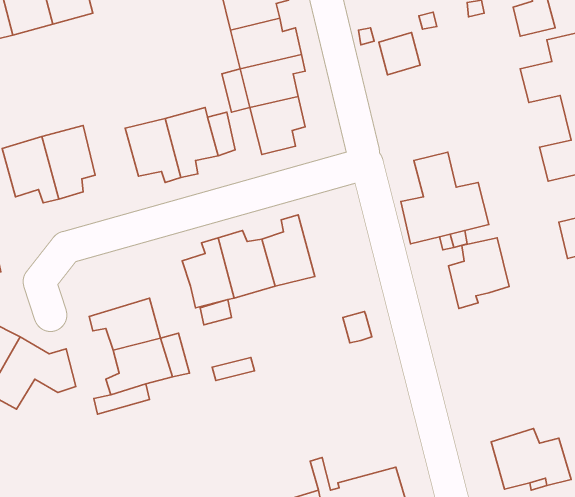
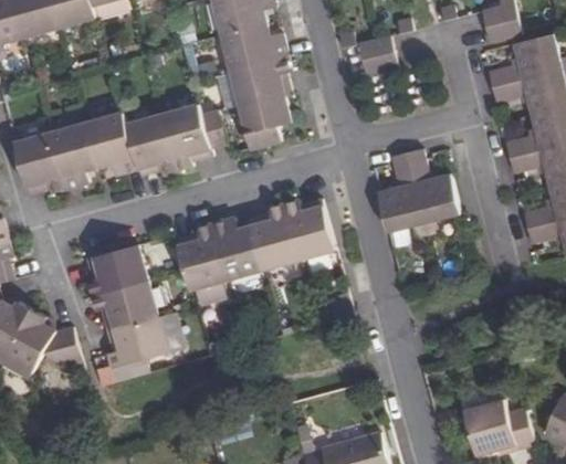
building: none -> [87,112,138,173]
building: none -> [284,200,335,260]
building: [448,238,509,308] -> none
building: none -> [88,244,148,296]

